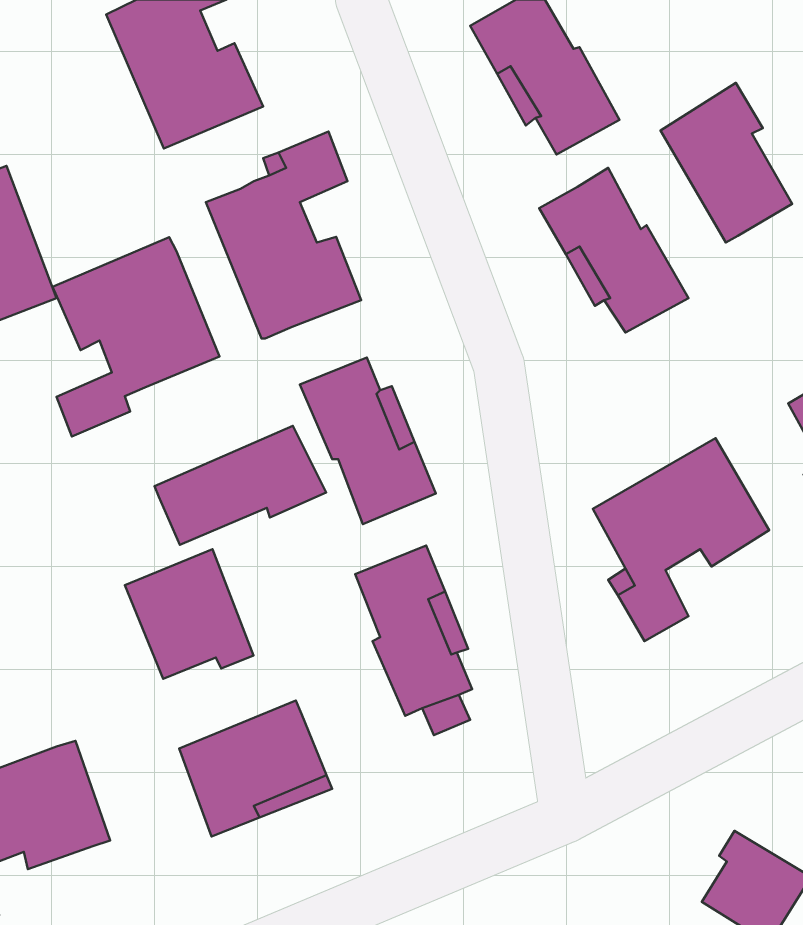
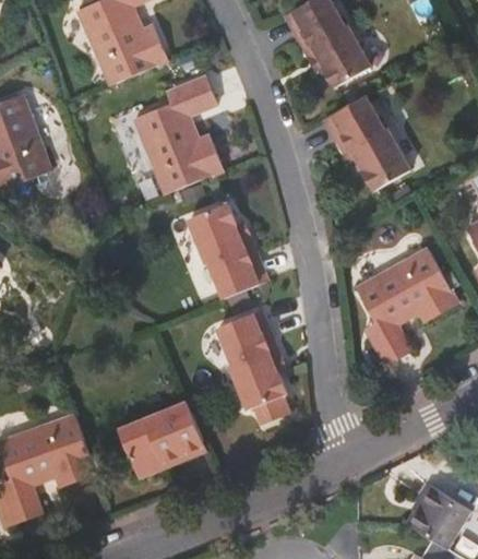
building: [661,83,792,243] -> none
building: [52,237,220,436] -> none
building: [154,426,326,545] -> none
building: [125,549,254,679] -> none

